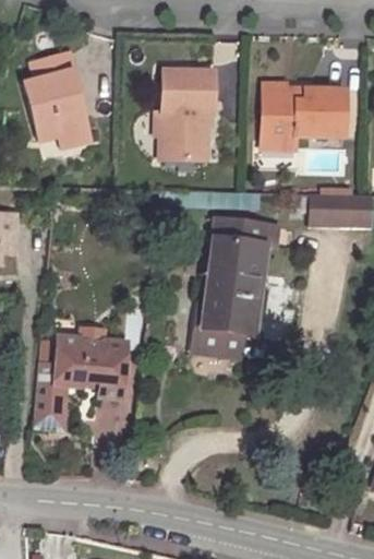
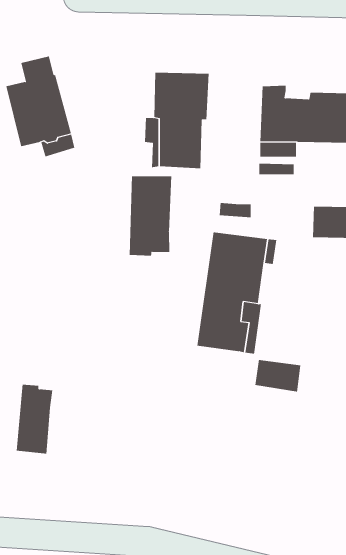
building: none -> [129,175,172,257]
building: [200,325,243,356] -> [255,359,301,392]
building: [56,334,125,394] -> none

